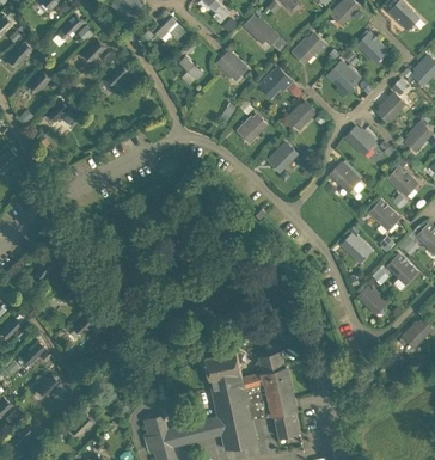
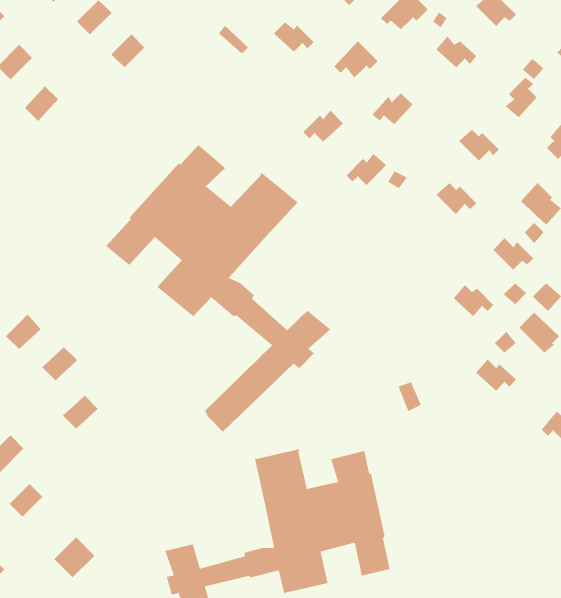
building: none -> [105,144,332,432]

